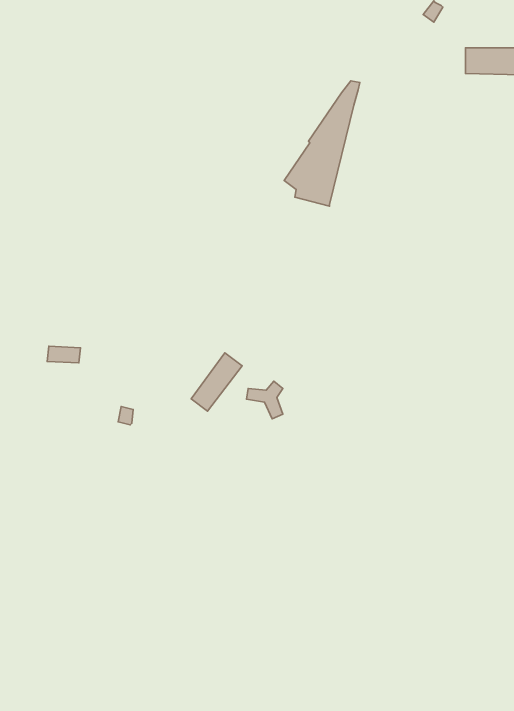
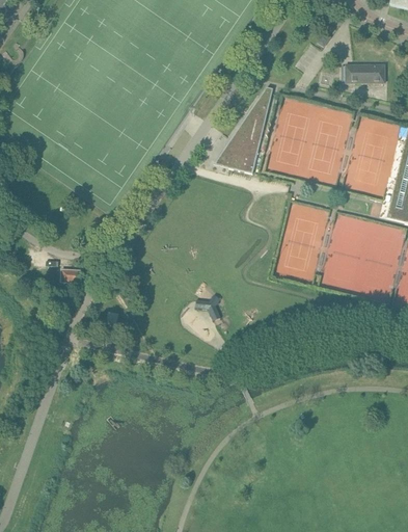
building: [191,353,242,411] -> none

